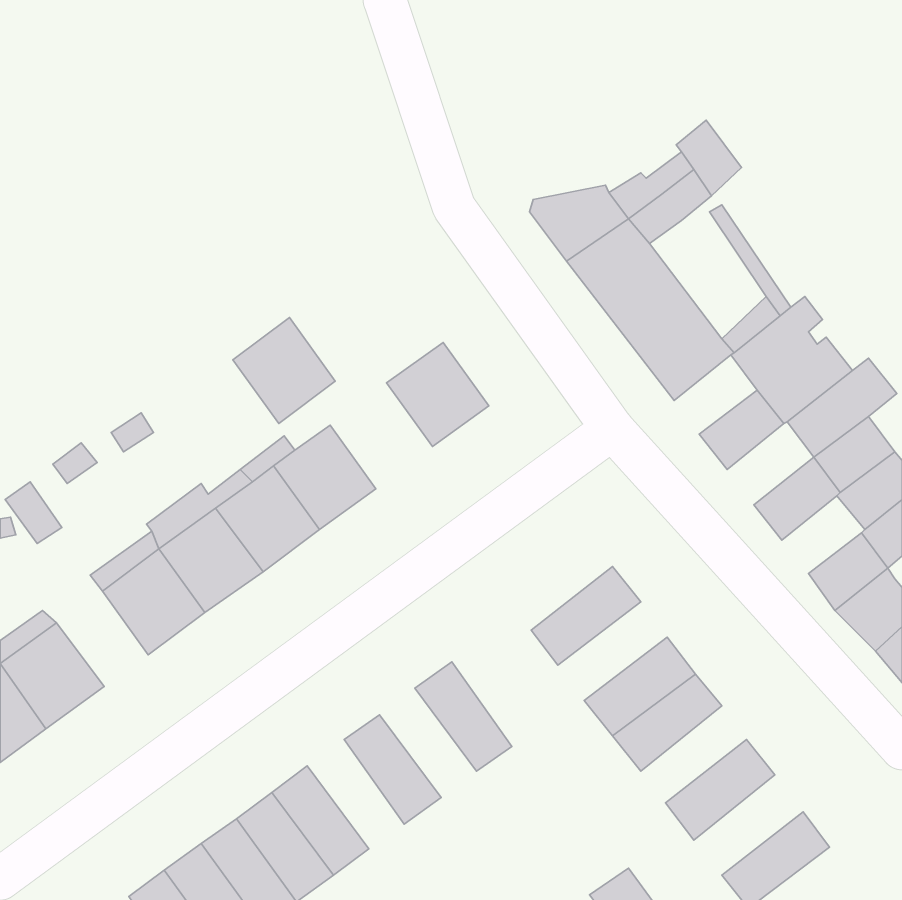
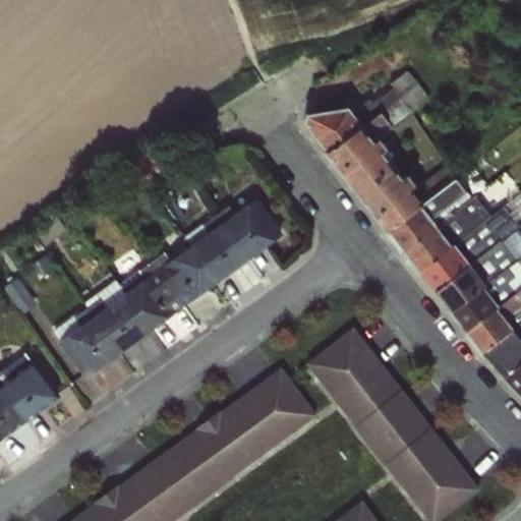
building: [233,318,335,423] -> [190,222,249,283]
building: none -> [389,206,437,251]
building: none -> [419,244,469,292]
building: none -> [451,287,499,332]
building: none -> [322,348,385,405]
building: none -> [260,367,316,431]
building: none -> [219,398,275,461]
building: none -> [369,408,430,464]
building: none -> [177,427,233,490]
building: none -> [400,448,463,506]

